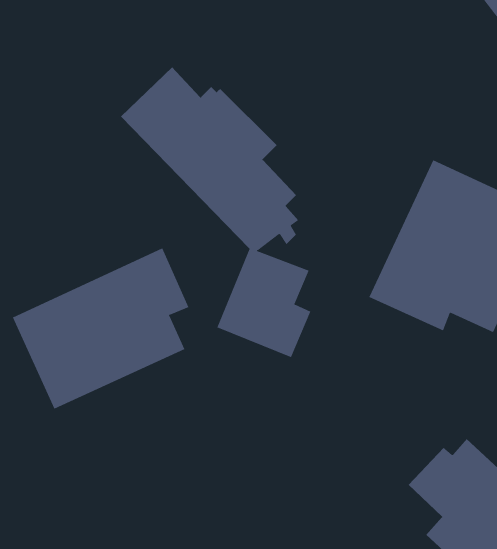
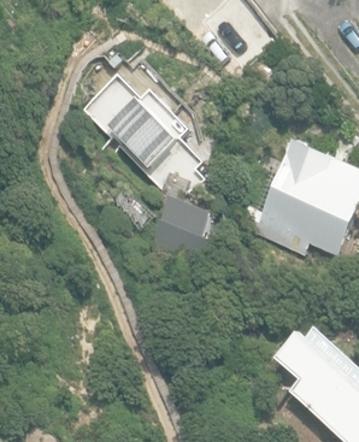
building: [12,248,189,410] -> none

